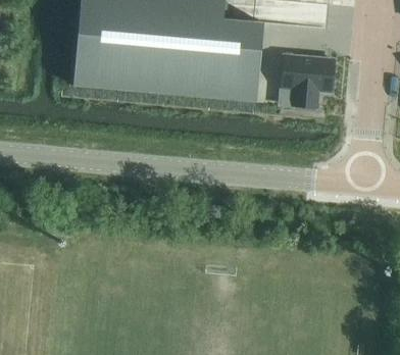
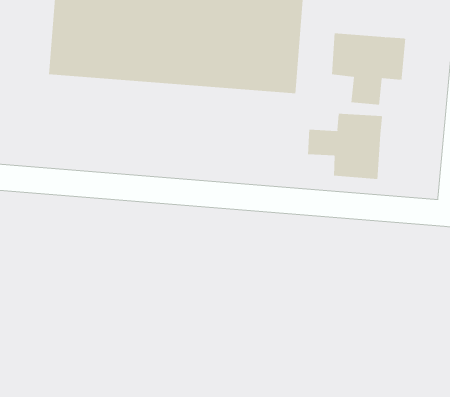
building: none -> [307,113,383,180]

